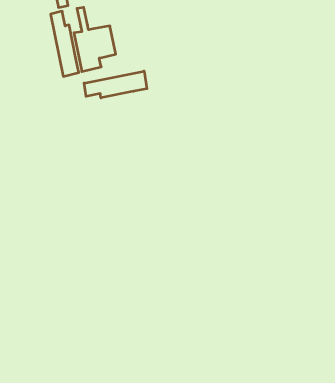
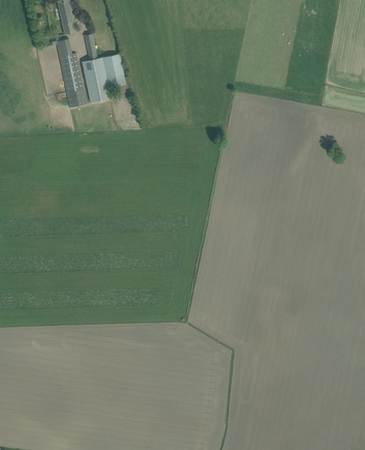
building: [84,71,147,98] -> none

